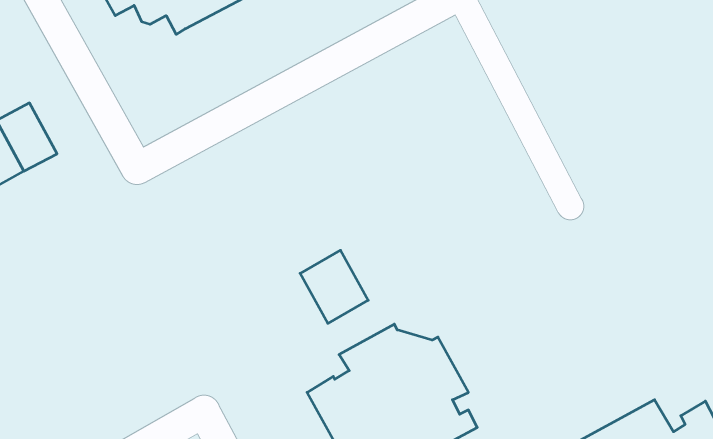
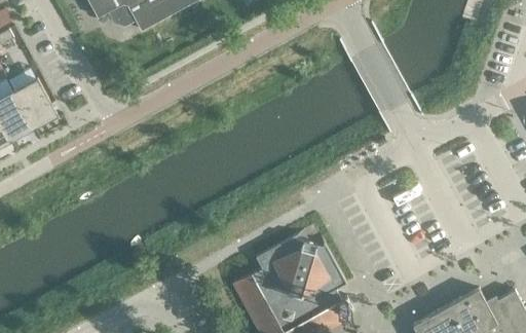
building: [300,250,368,323] -> none

